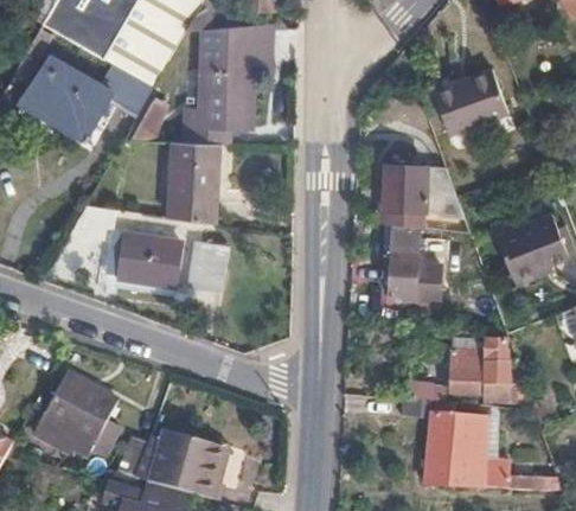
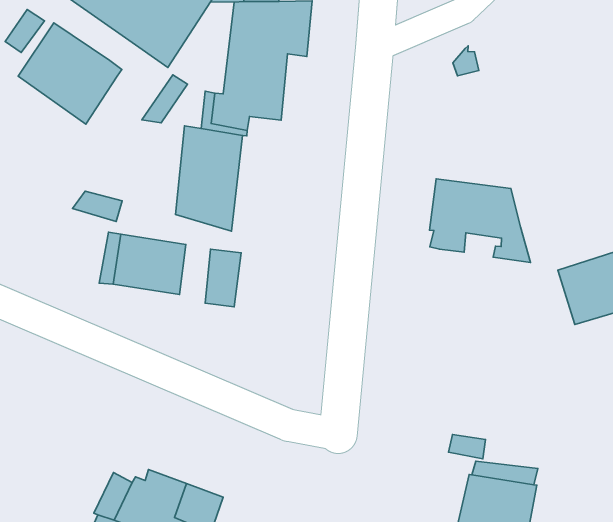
building: [102,65,152,114] -> none
building: [442,75,514,140] -> none
building: [388,225,440,300] -> none
building: [447,337,505,402] -> none
building: [44,372,117,445] -> none

